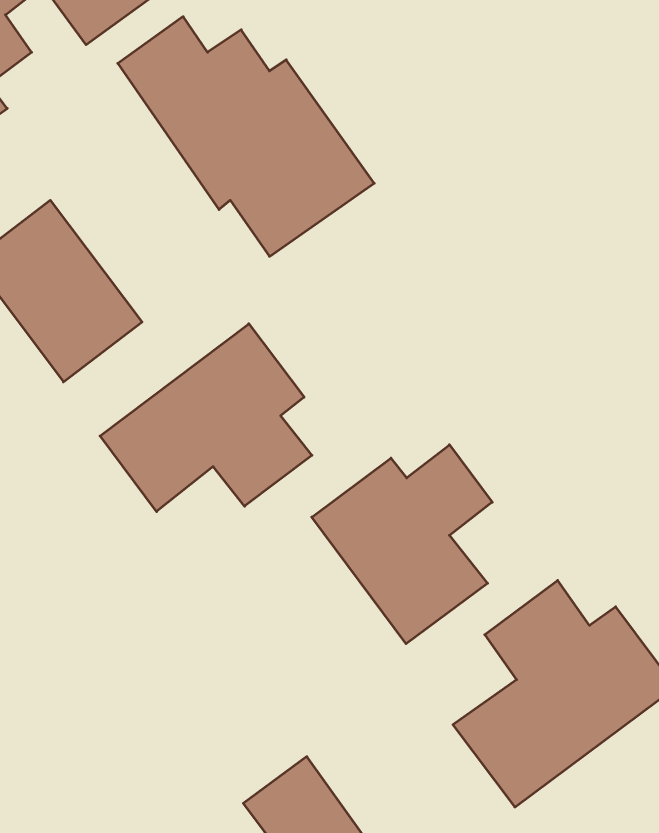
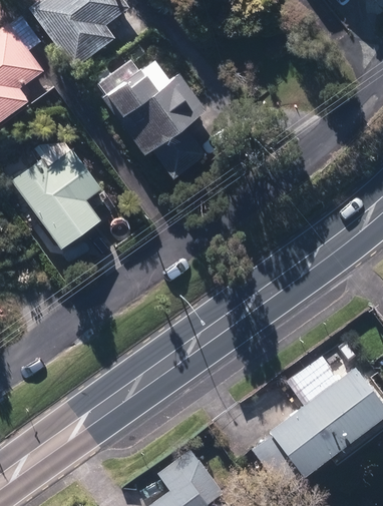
building: [100,324,312,512] -> none
building: [312,445,492,644] -> none

